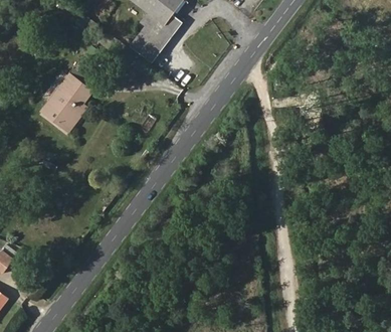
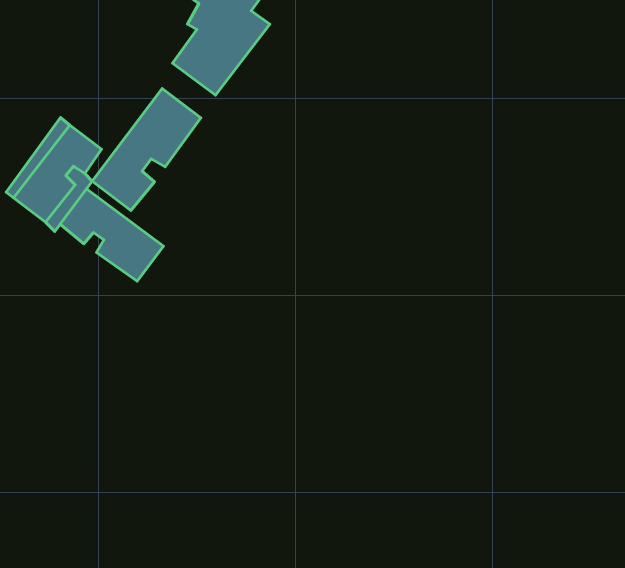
building: none -> [92,89,201,210]
building: none -> [60,189,164,281]

